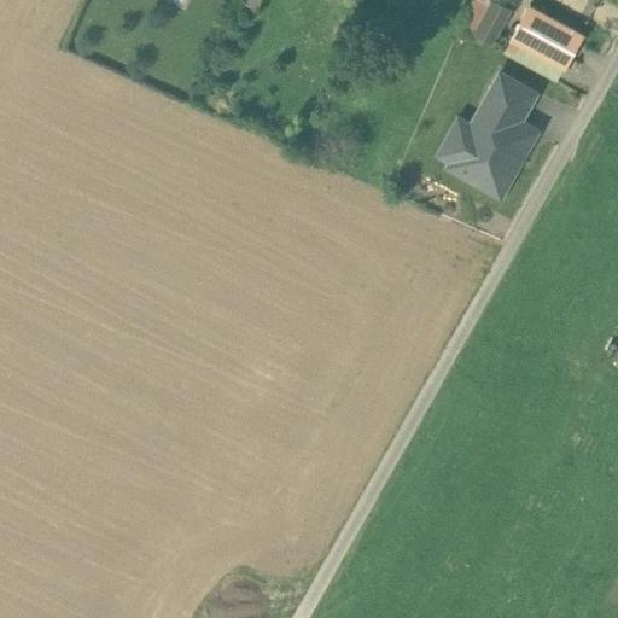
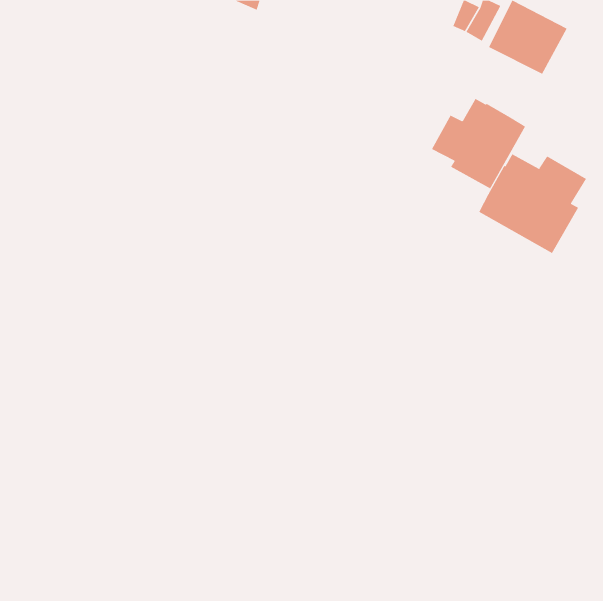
building: [486,75,538,123] -> none
building: none -> [479,154,587,254]

